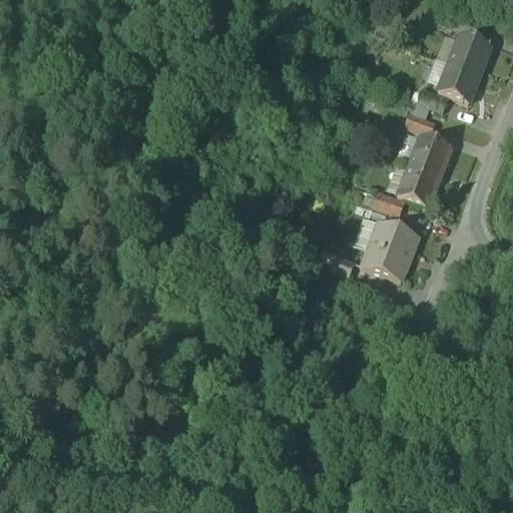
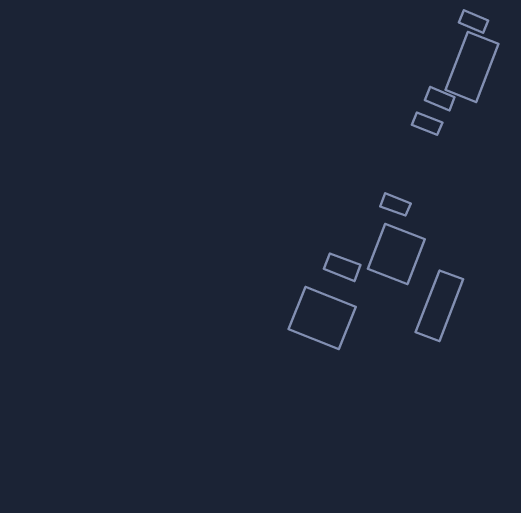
building: [398,134,451,204] -> none
building: none -> [416,270,463,341]
building: none -> [289,287,356,349]

